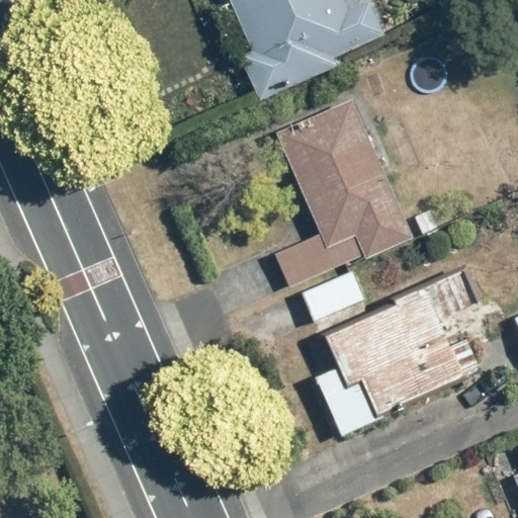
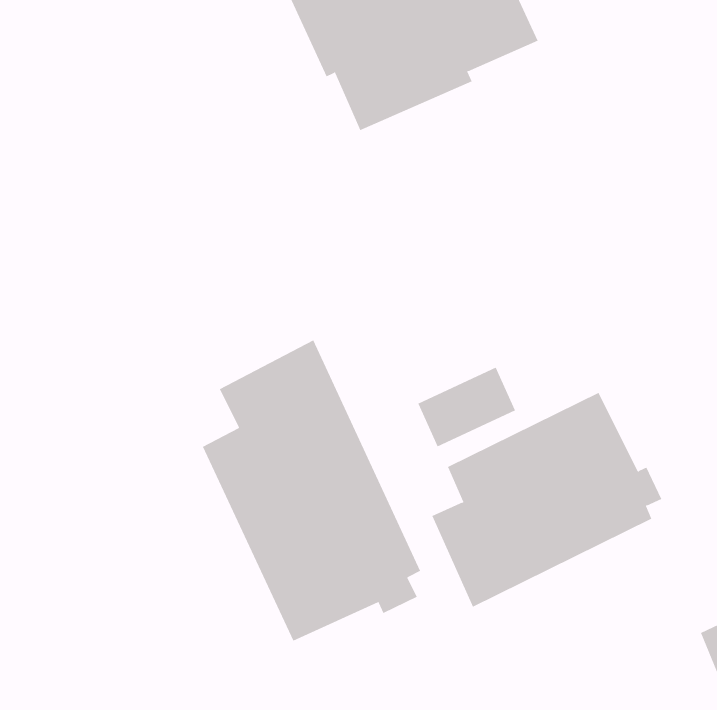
building: [276,100,416,285] -> none
building: none -> [202,340,421,642]

